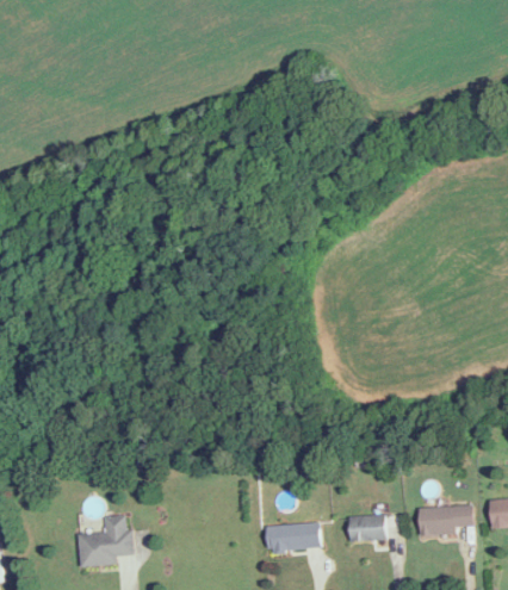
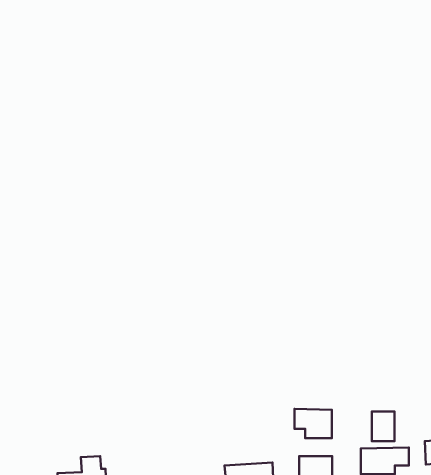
building: none -> [294,409,332,438]
building: none -> [372,411,394,441]

